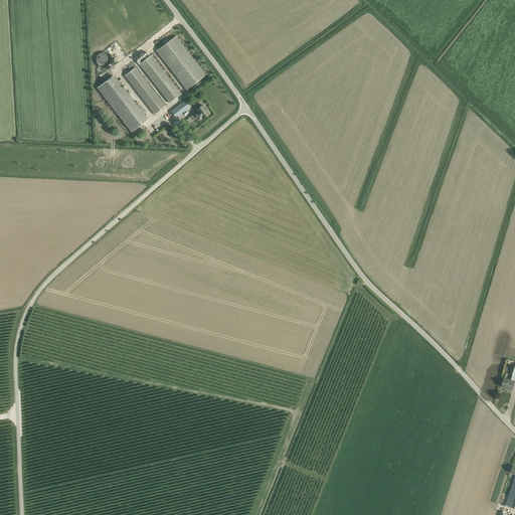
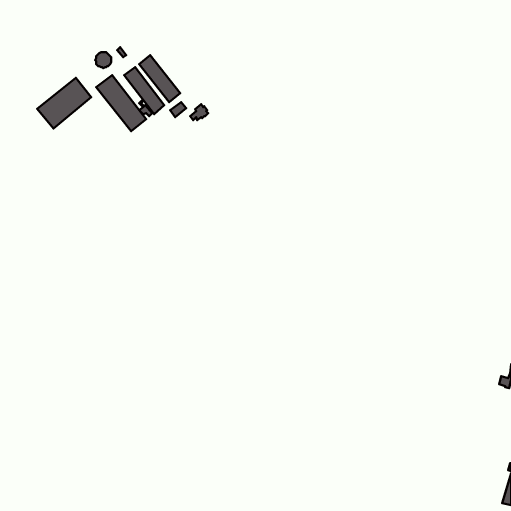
building: [157,36,206,90] -> none
building: none -> [37,78,91,128]

